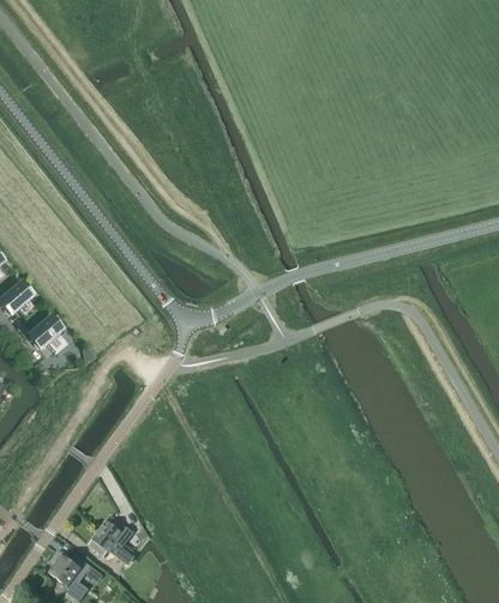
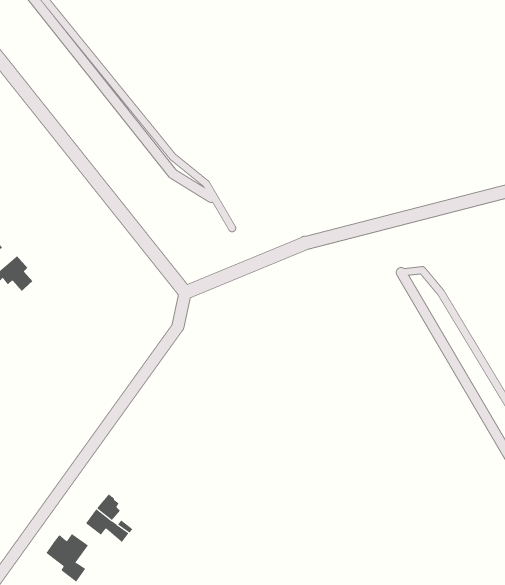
building: [29,315,67,352] -> none

